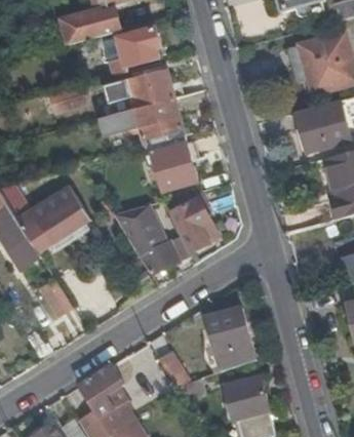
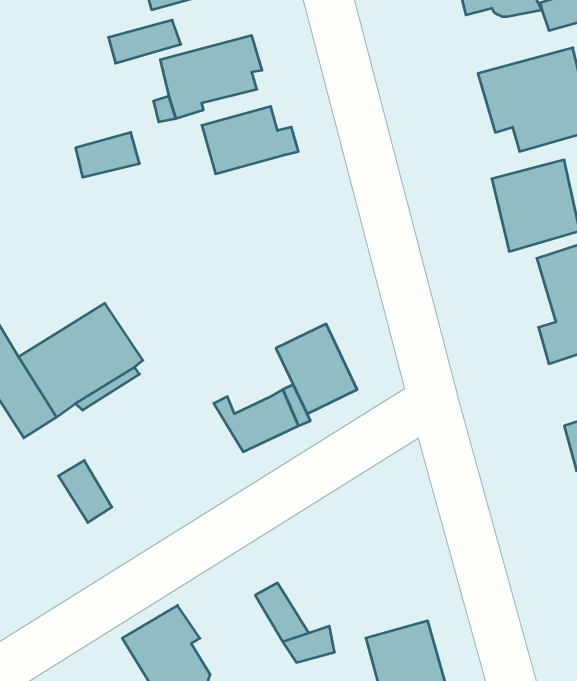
building: [97,96,185,146] -> none
building: [151,141,197,191] -> none
building: [112,202,166,250] -> none
building: [205,306,255,370] -> none

